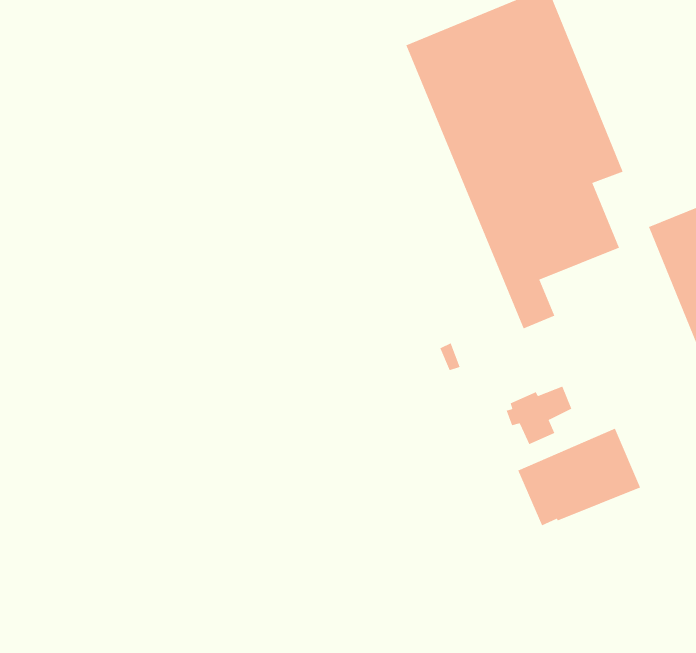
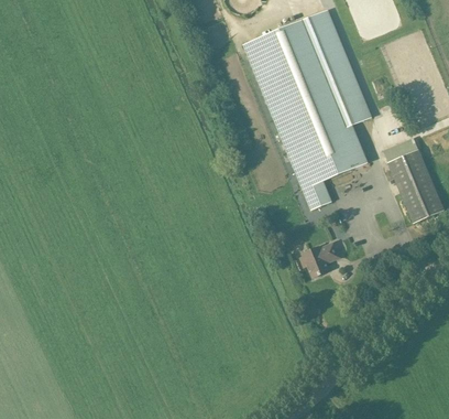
building: [518,428,641,526] -> none

